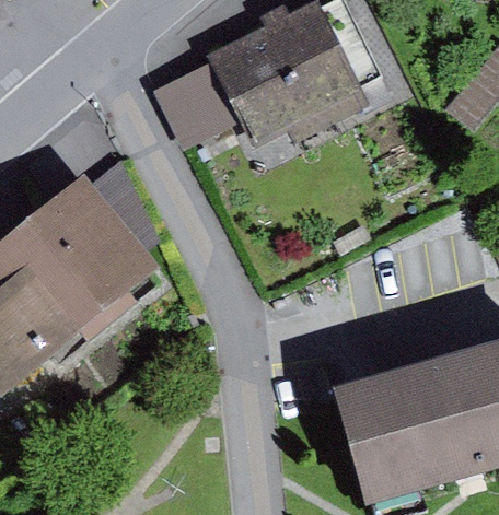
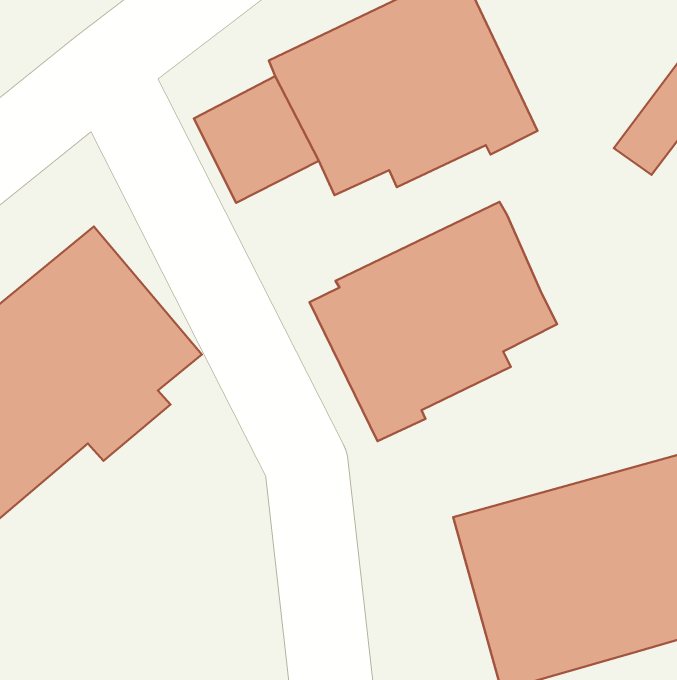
building: none -> [310,202,557,441]

